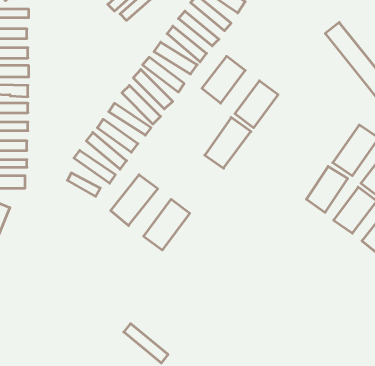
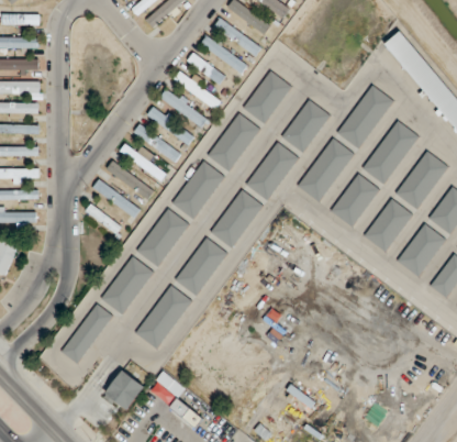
building: none -> [336,84,393,150]
building: none -> [207,112,259,172]
building: none -> [361,119,420,185]
building: none -> [297,136,355,202]
building: none -> [171,159,224,219]
building: none -> [330,173,379,226]
building: none -> [210,189,263,248]
building: none -> [100,255,154,314]
building: none -> [135,285,192,350]
building: none -> [59,303,113,363]
building: none -> [103,368,145,410]

